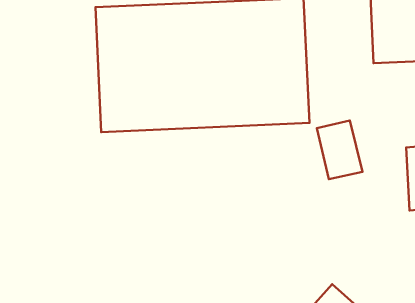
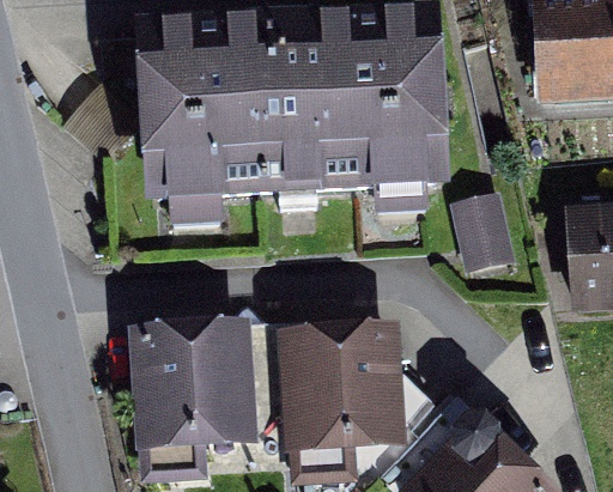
building: none -> [138,323,255,438]
building: none -> [295,327,395,437]

